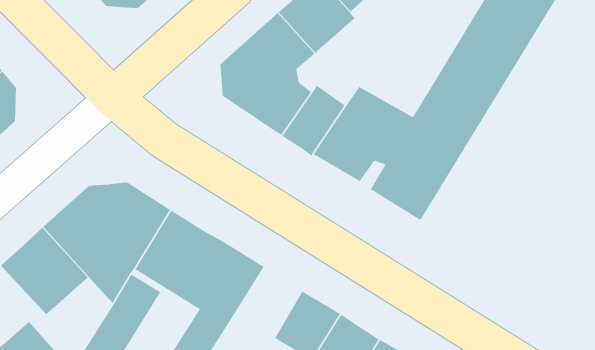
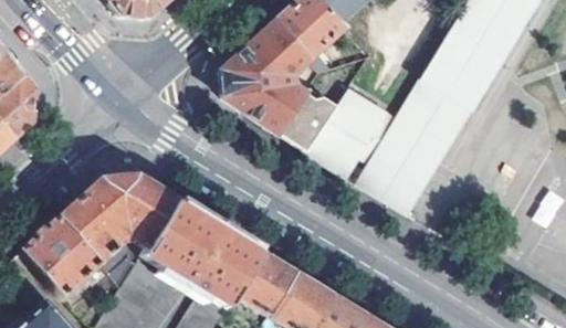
building: none -> [235,250,296,315]

